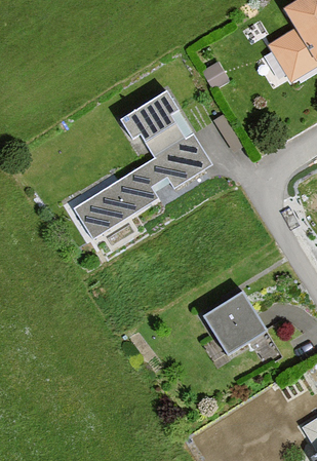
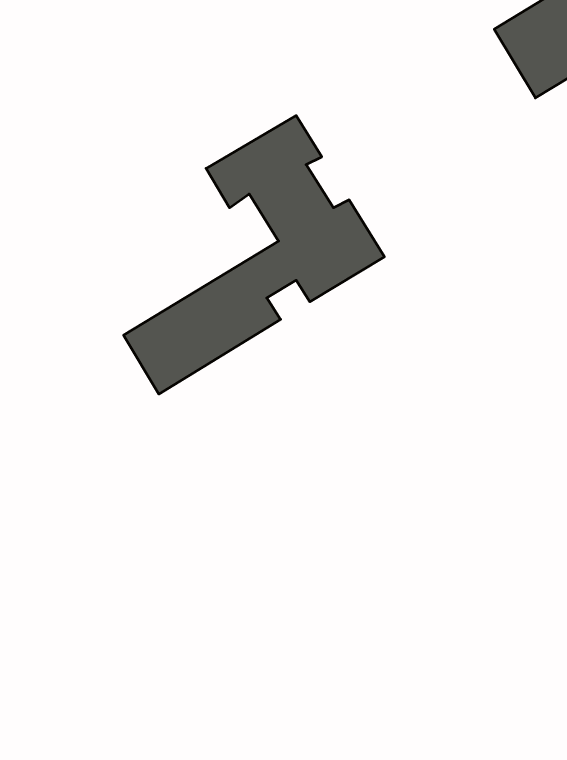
building: [202,292,264,350] -> none

